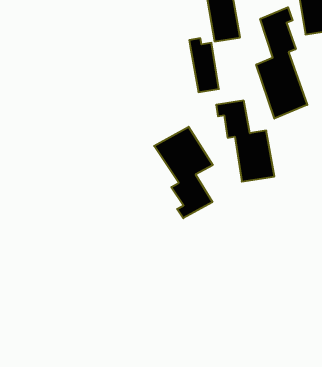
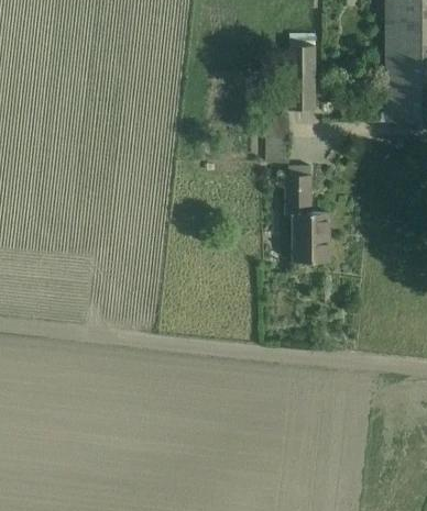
building: [256,7,307,119] -> none
building: [154,127,213,218] -> none

